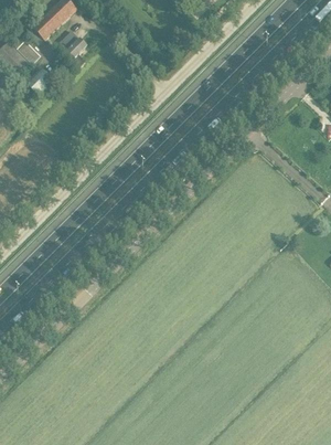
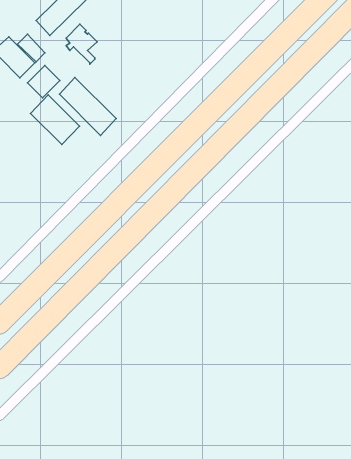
building: none -> [59,77,116,135]
building: none -> [31,95,79,145]

